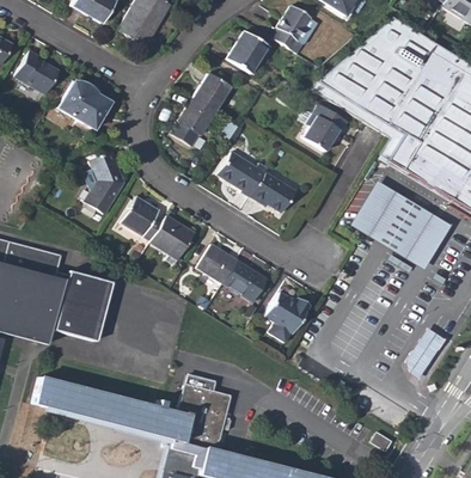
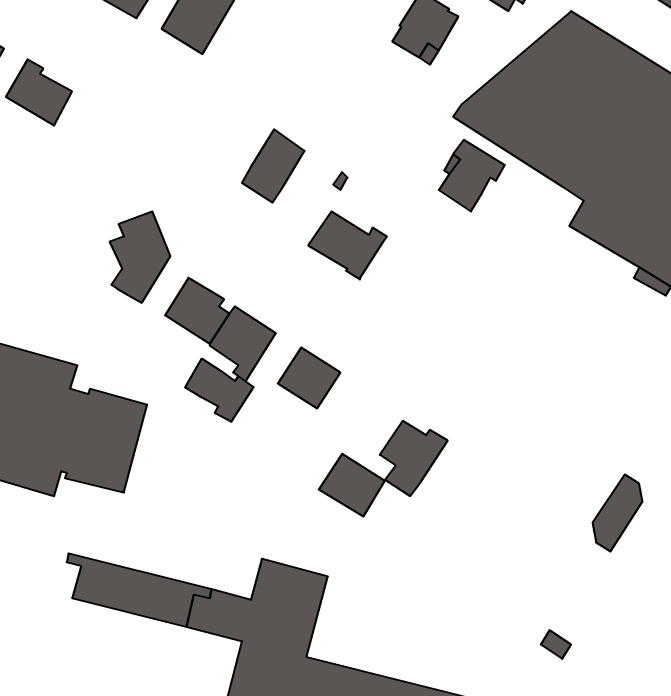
building: [226,30,268,74] -> none
building: [194,73,230,111] -> none
building: [59,80,111,128] -> none
building: [251,172,295,213] -> none
building: [353,182,453,270] -> none
building: none -> [185,359,254,422]
building: [222,259,267,301] -> [319,454,385,517]
building: [32,375,65,410] -> none

